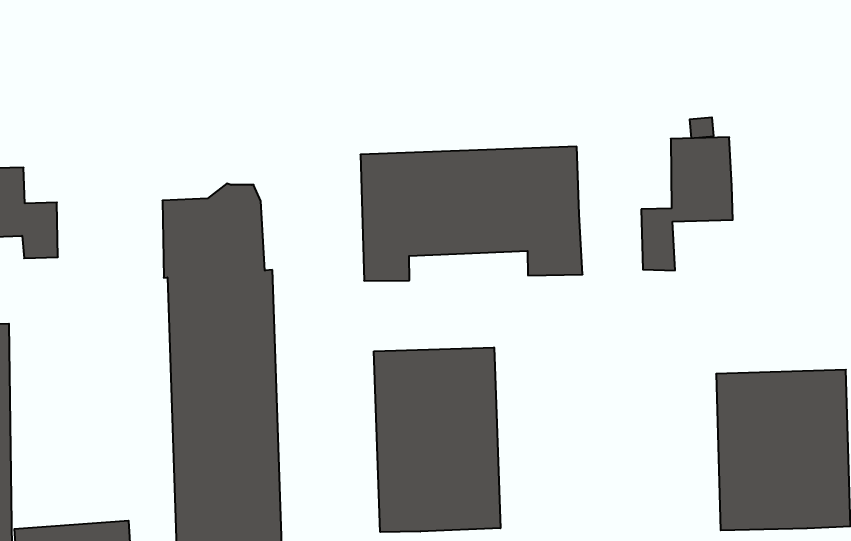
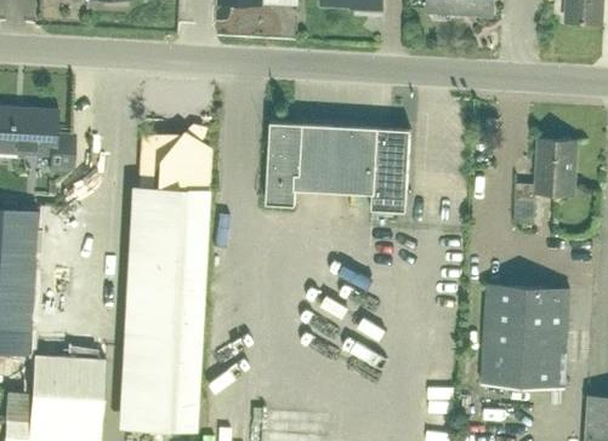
building: [641,137,733,270] -> [513,141,576,225]
building: [374,347,500,532] -> none

